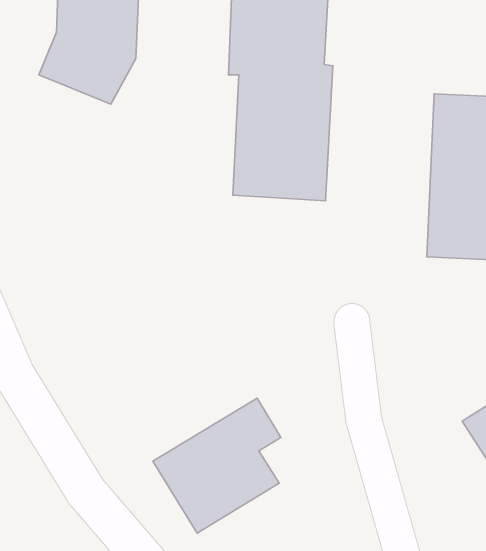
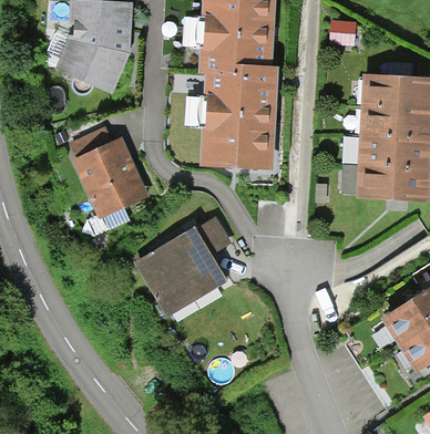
building: none -> [70,127,150,215]
building: [153,398,281,533] -> [136,210,233,312]

